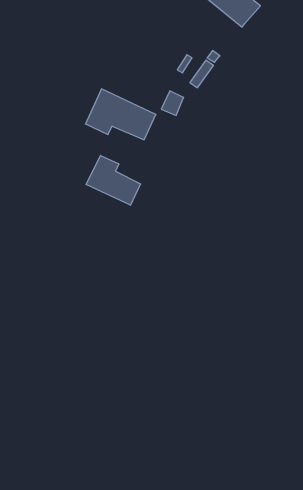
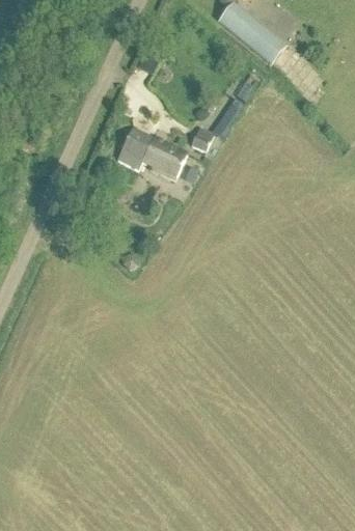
building: [86,155,141,205] -> none

